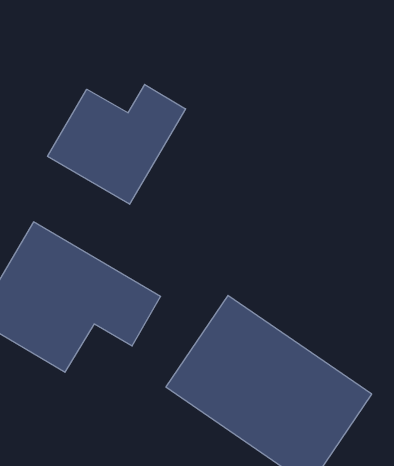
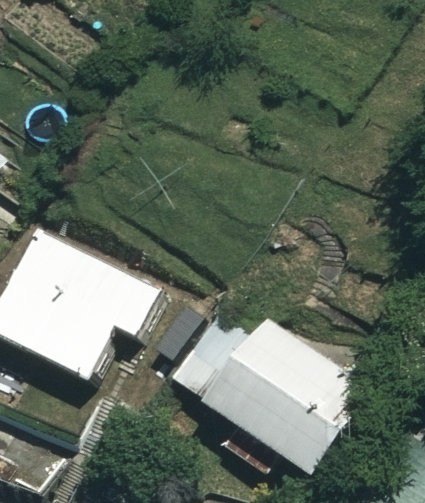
building: [48,84,186,204] -> none

